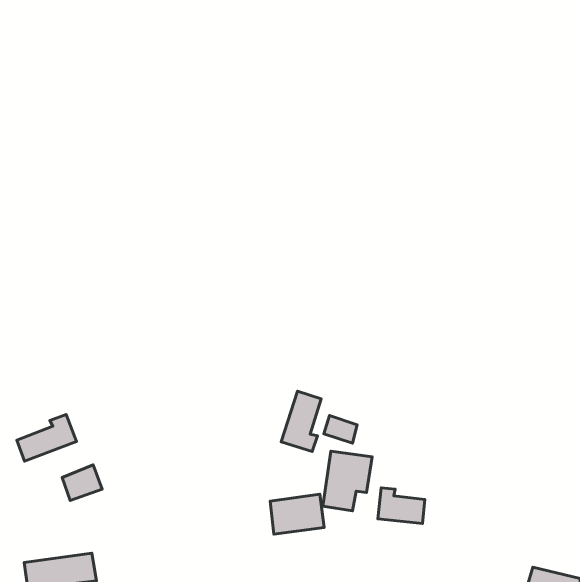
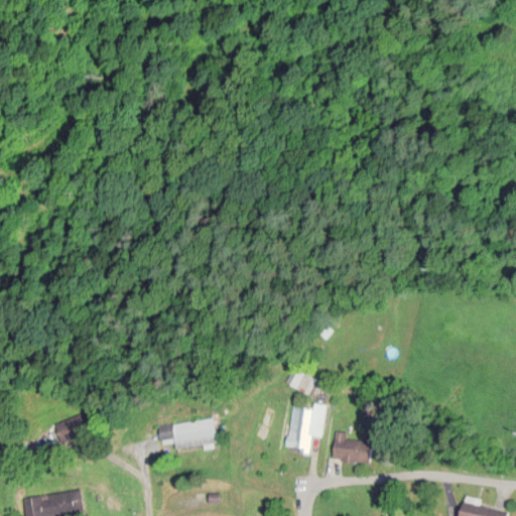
building: [281,391,321,451] -> none
building: [17,414,77,461] -> none
building: [270,494,324,534] -> [170,418,218,454]

